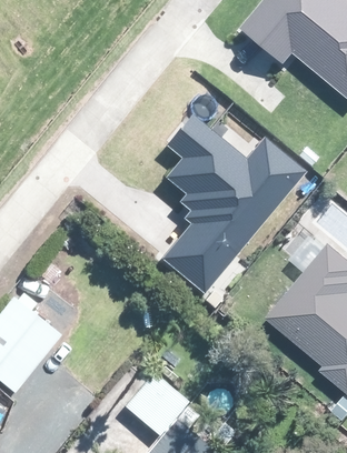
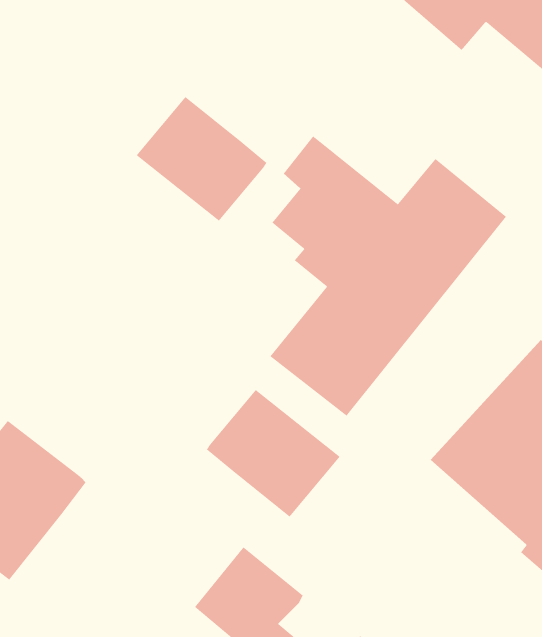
building: none -> [136,96,267,221]
building: none -> [206,389,341,517]

